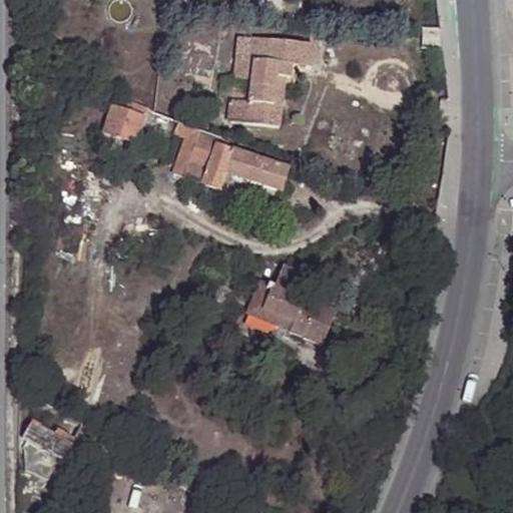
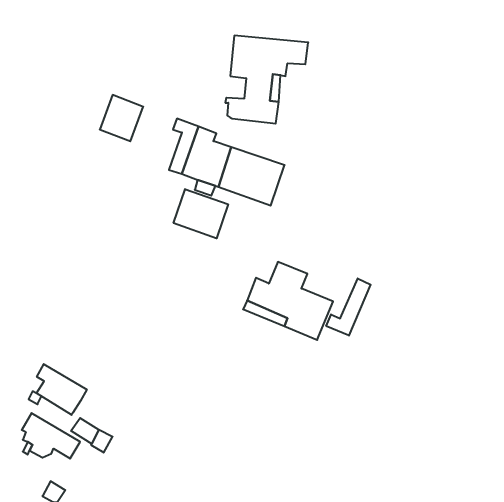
building: none -> [174,189,228,238]
building: none -> [326,278,371,336]
building: none -> [37,364,87,415]

